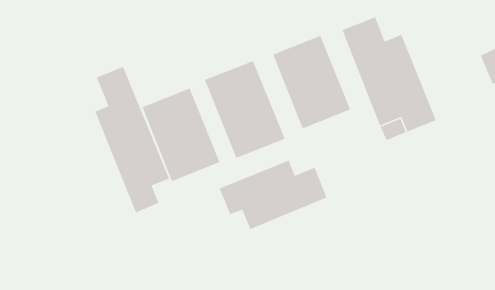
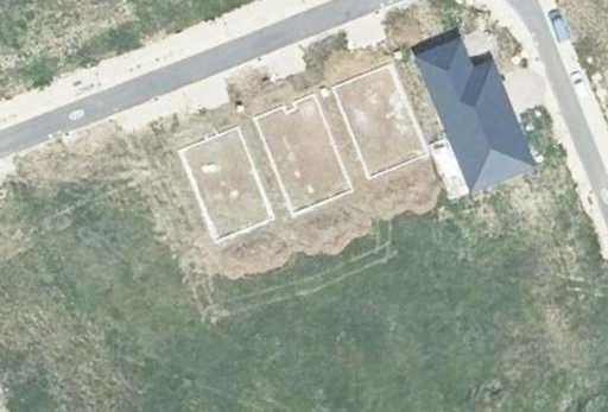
building: [94,66,170,213] -> none
building: [219,160,328,230] -> none

